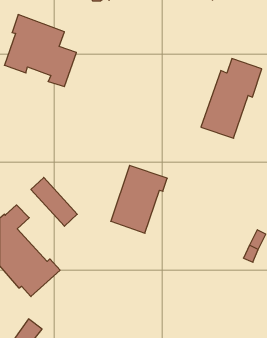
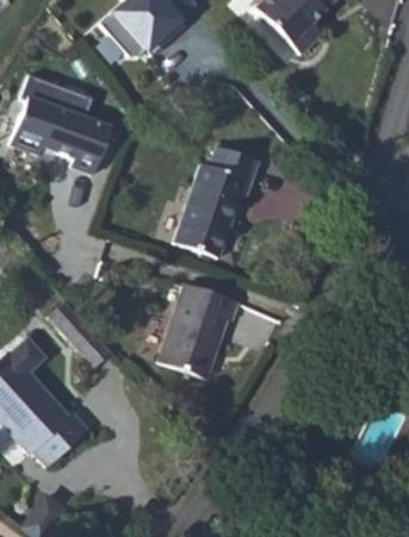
building: [201,59,262,138] -> [174,146,259,257]

